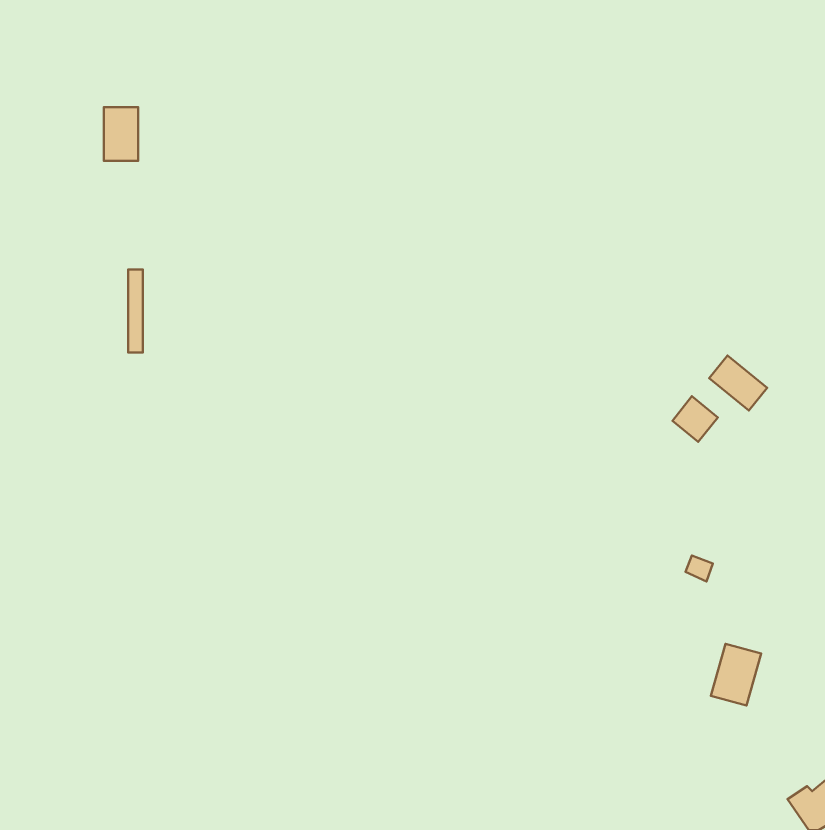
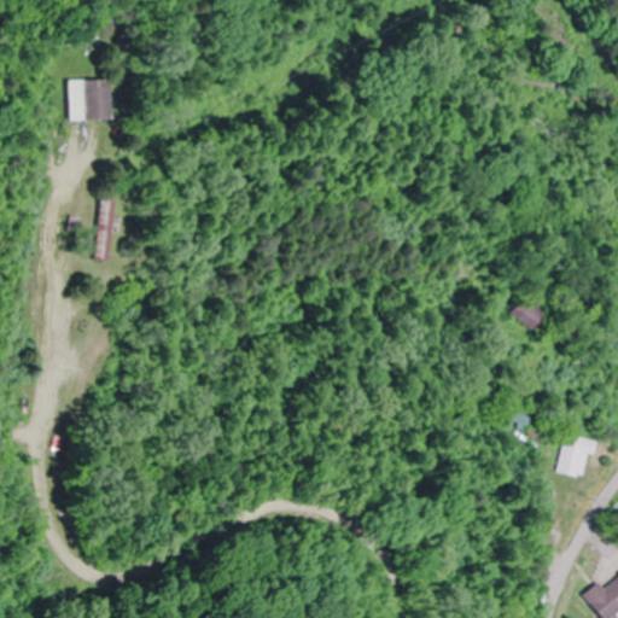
building: [709,356,767,410] -> none
building: [711,644,761,705] -> [559,435,596,480]

